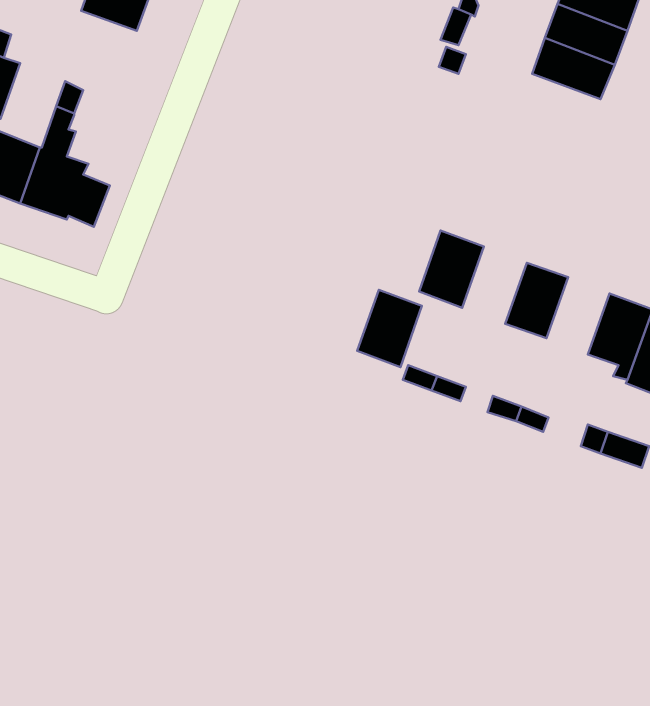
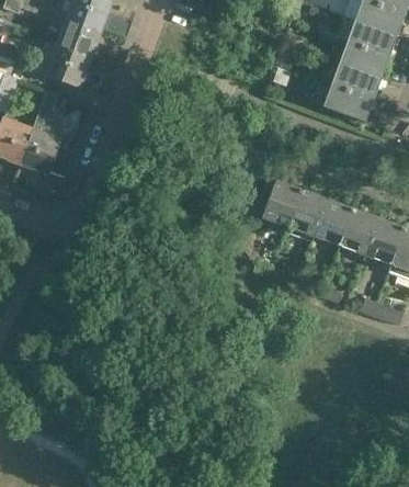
building: none -> [37,46,90,87]
building: none -> [310,80,373,122]
building: none -> [340,208,378,262]
building: [357,290,422,367] -> [288,190,328,237]

